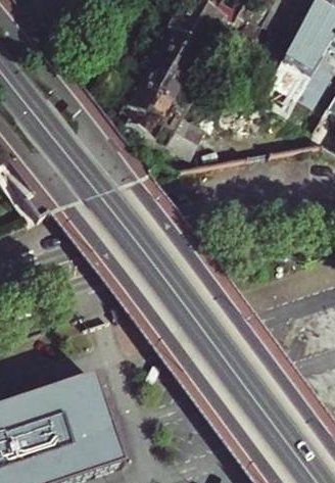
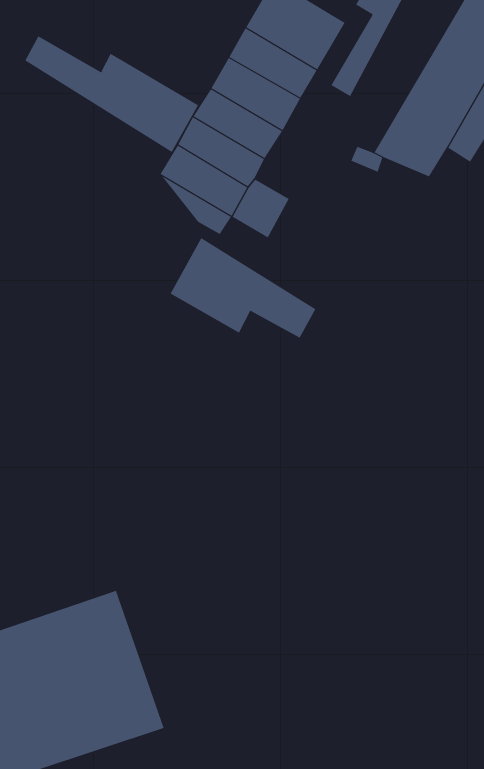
building: none -> [24,36,199,153]
building: none -> [170,237,316,338]

